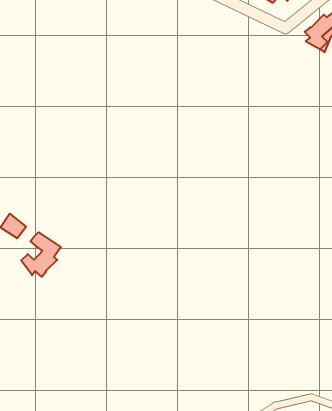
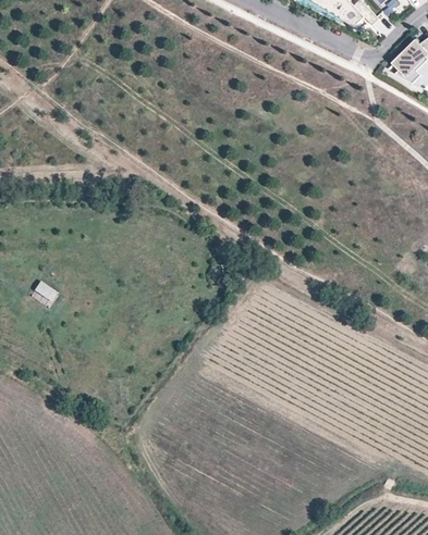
building: [21,232,61,277] -> none

